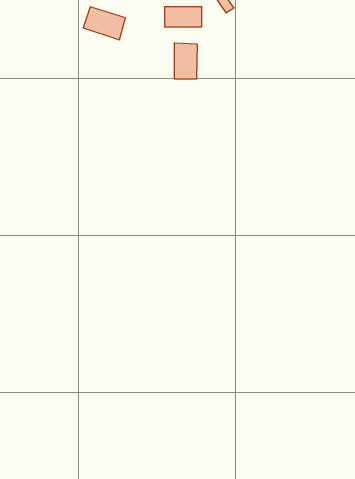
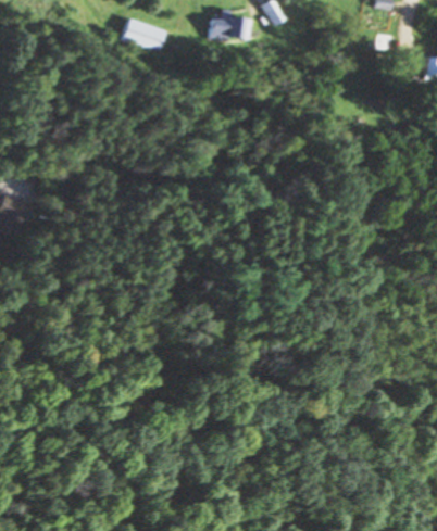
building: [174,43,197,79] -> none

